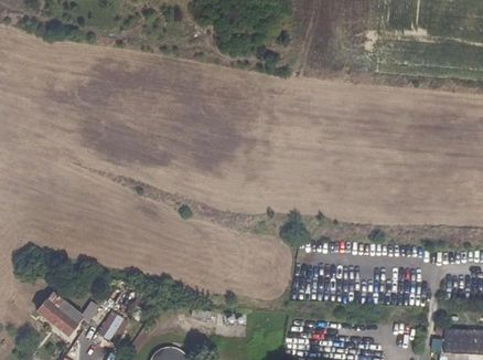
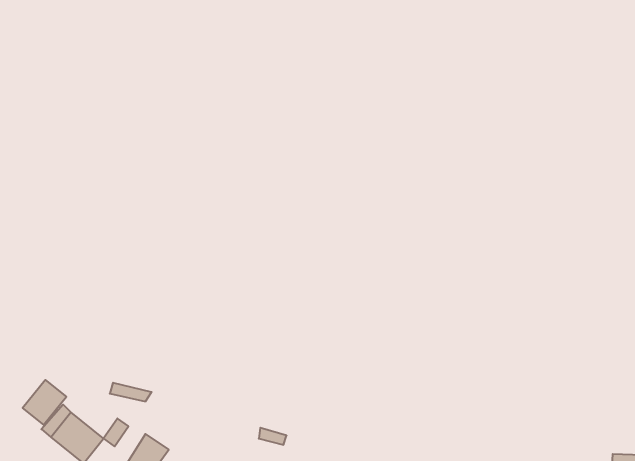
building: none -> [23,380,66,425]

